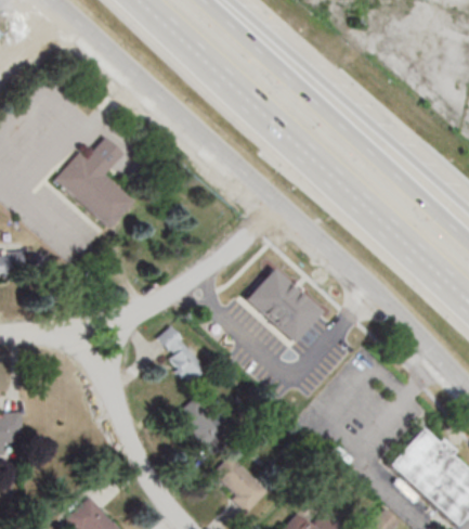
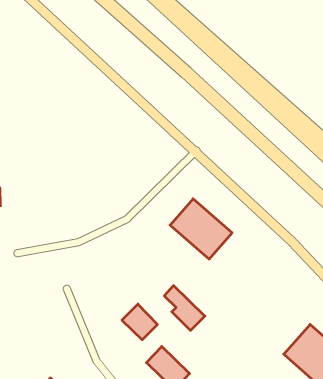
building: [56,138,134,227] -> none
building: [159,327,211,385] -> [164,286,205,330]

